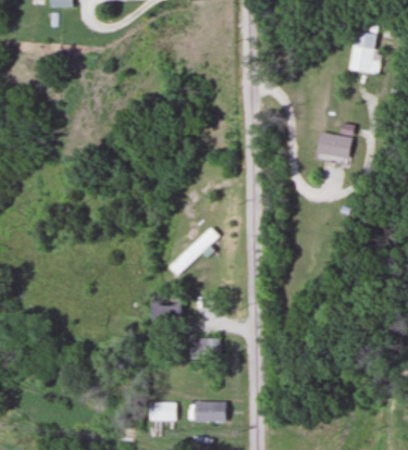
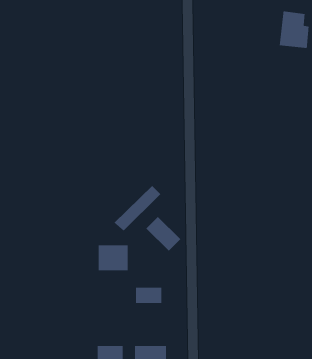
building: [313,125,354,164] -> none
building: none -> [146,216,181,251]

